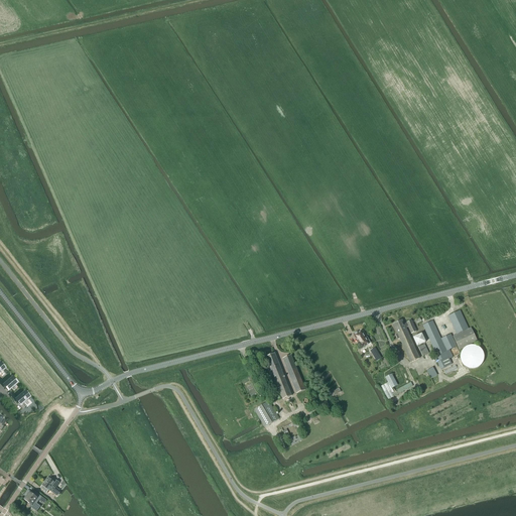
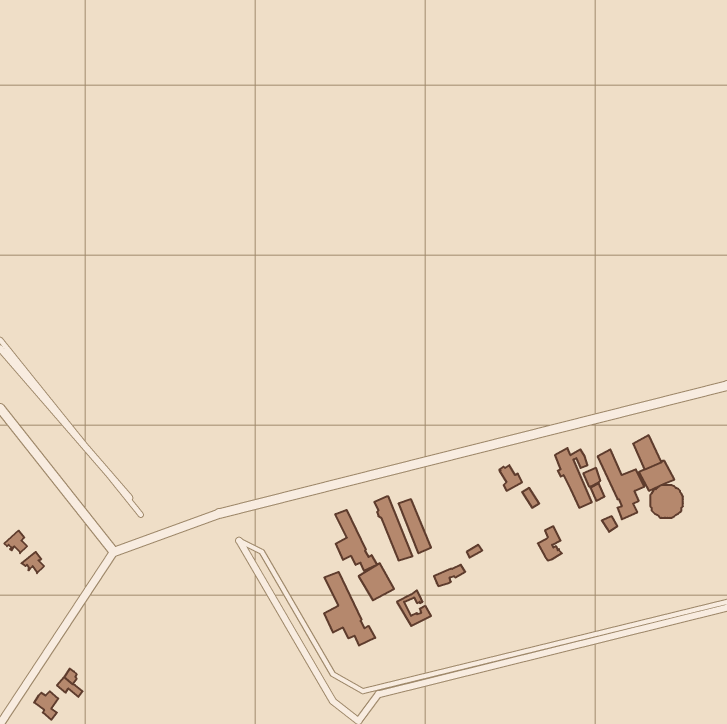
building: none -> [335,510,377,571]
building: none -> [324,572,375,646]

